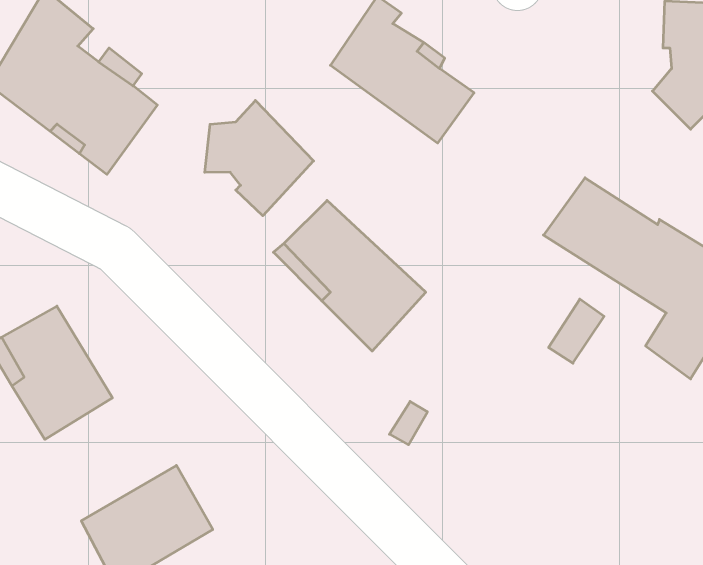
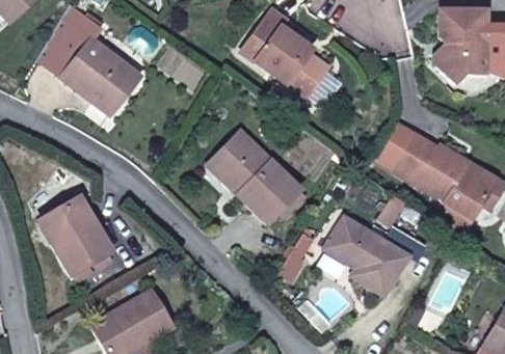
building: [205,100,314,216] -> none
building: none -> [325,215,406,297]

